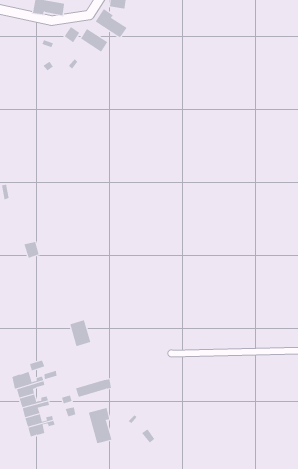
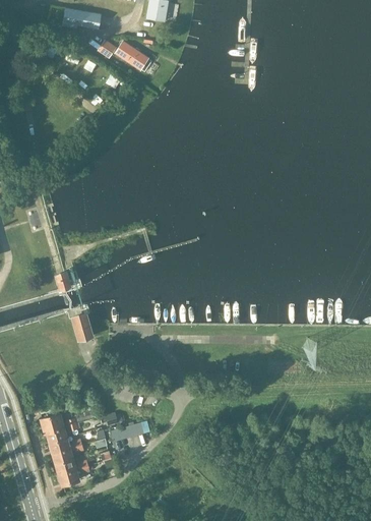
building: [95,8,128,38] -> none
building: [69,320,91,347] -> [71,312,95,342]
building: [88,407,112,444] -> none

